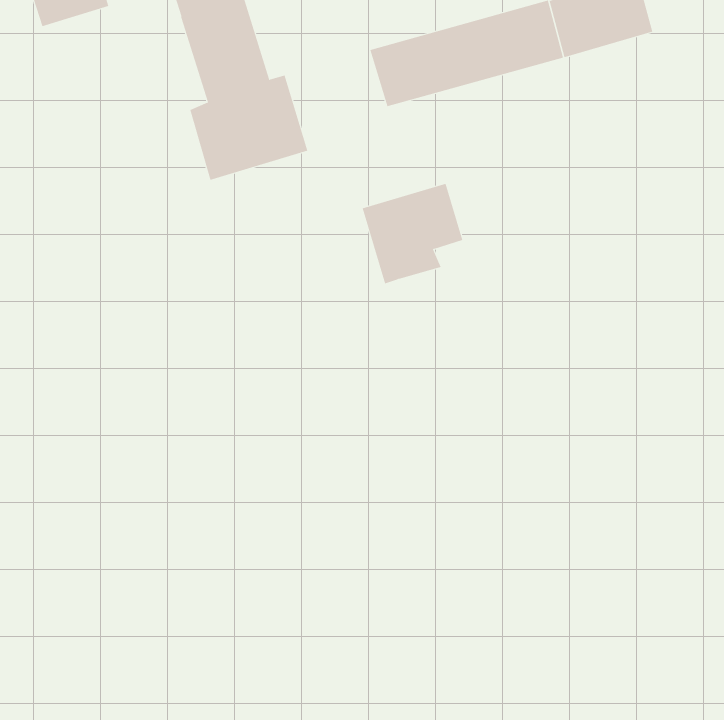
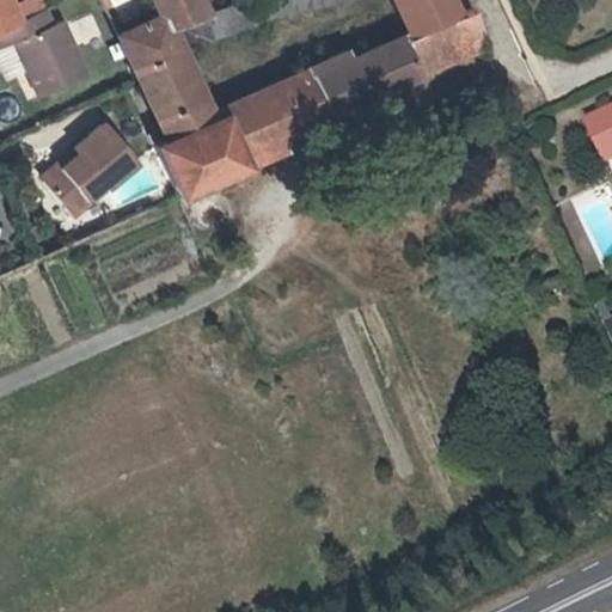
building: none -> [42,124,134,215]
building: [362,183,463,284] -> [224,84,300,163]

